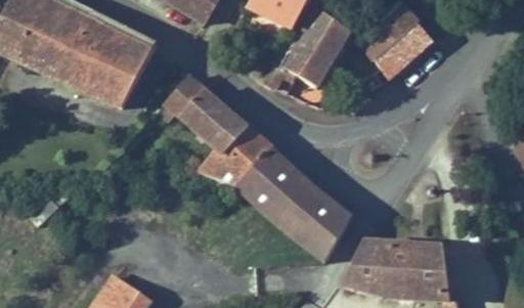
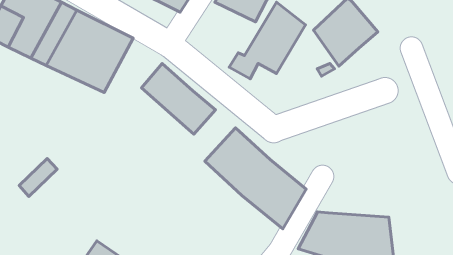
building: [200,127,270,186] -> none

